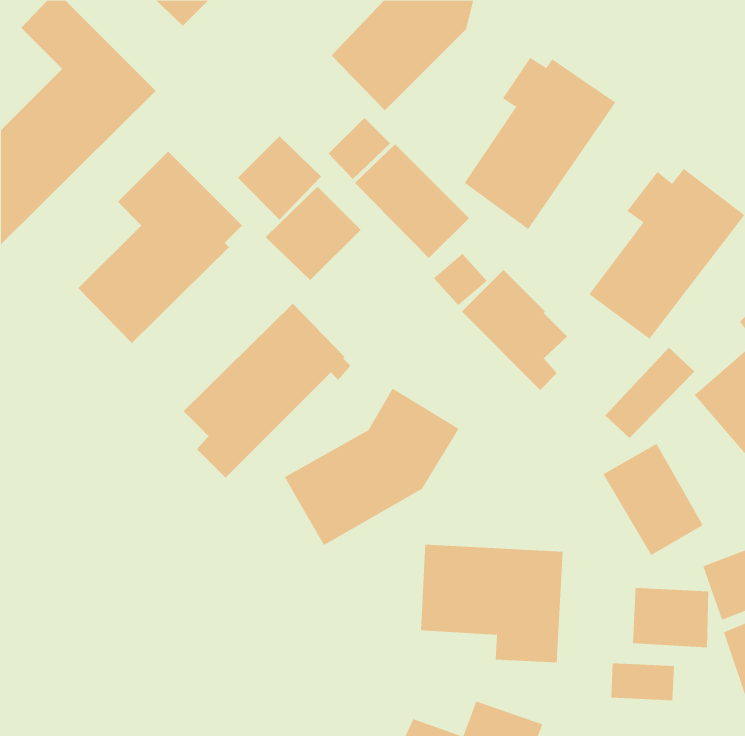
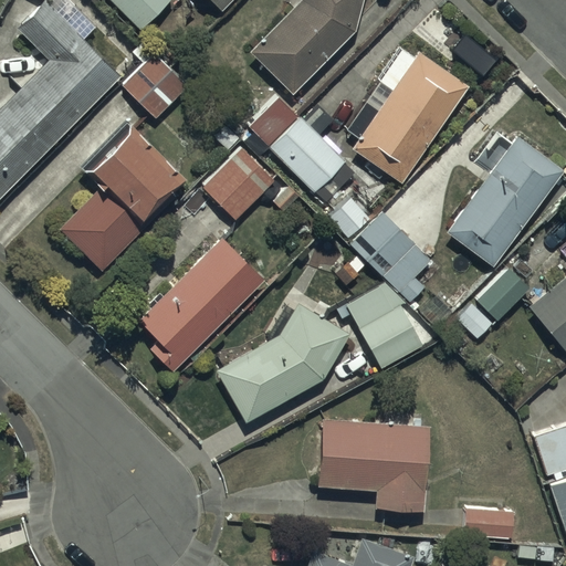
building: [237,135,322,220] -> [124,55,188,119]
building: [603,443,704,556] -> [345,283,421,368]
building: [632,587,709,648] -> none

